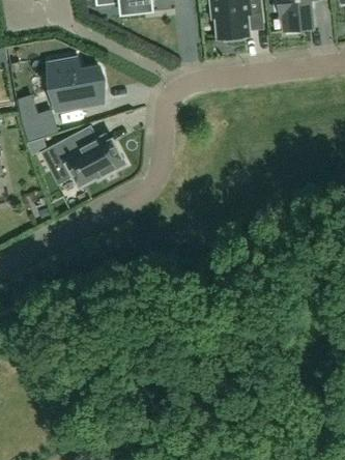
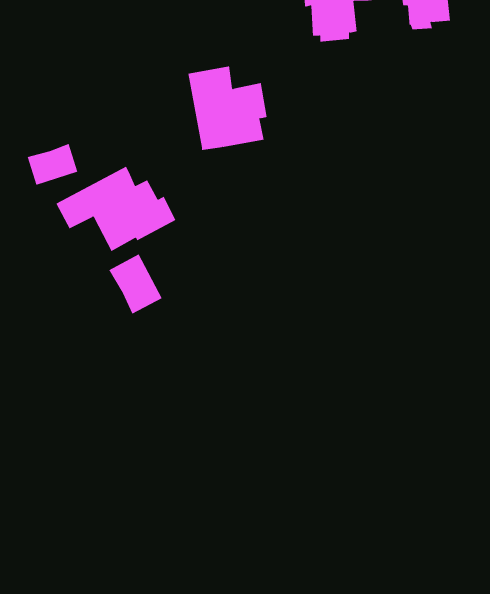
building: [48,55,103,113] -> [188,66,268,150]
building: none -> [109,254,163,315]

